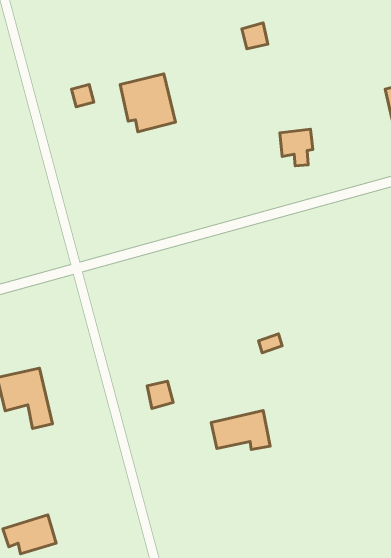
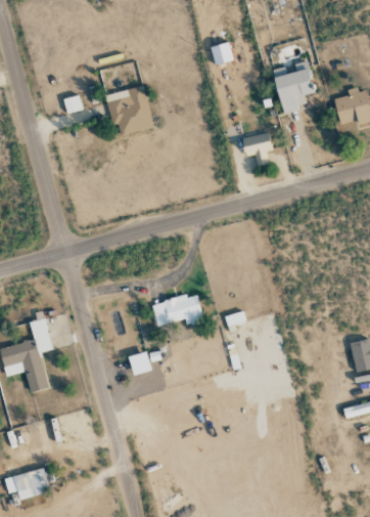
building: none -> [272,60,316,114]
building: none -> [29,317,53,354]
building: [211,411,270,450] -> [152,293,203,327]

